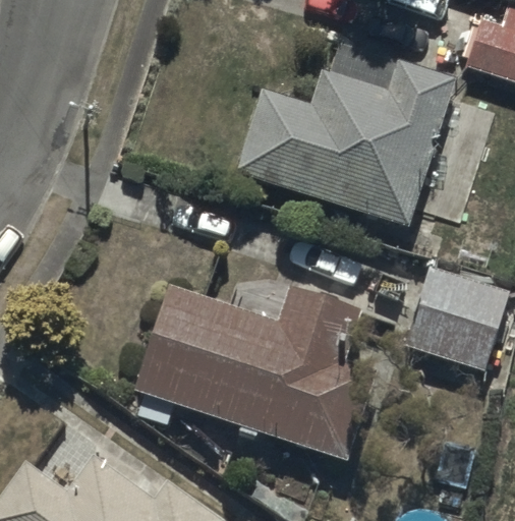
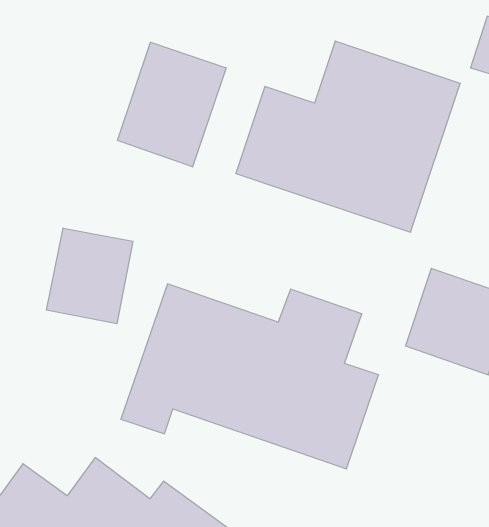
building: none -> [118,42,226,167]
building: none -> [46,228,133,324]

